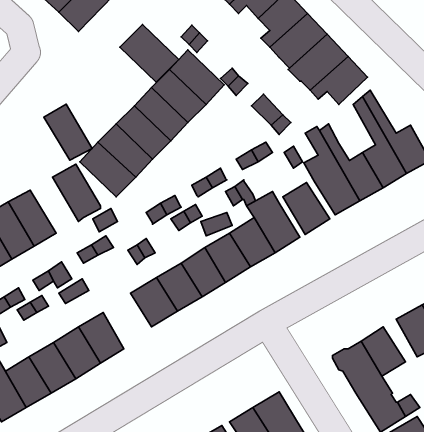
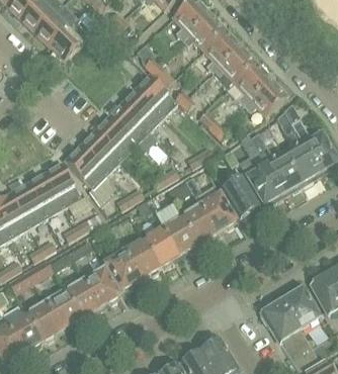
building: [120,24,179,82] -> none
building: [44,104,92,160] -> [25,173,63,216]
building: none -> [82,267,118,306]

